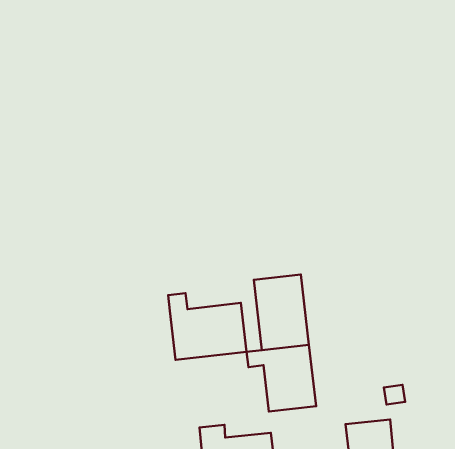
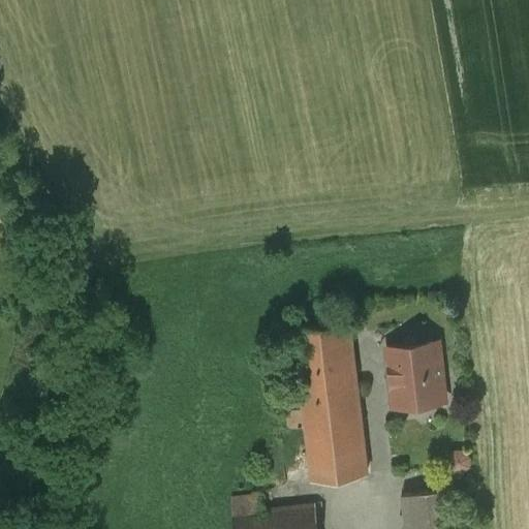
building: none -> [386,342,444,415]
building: [168,293,247,360] -> none

